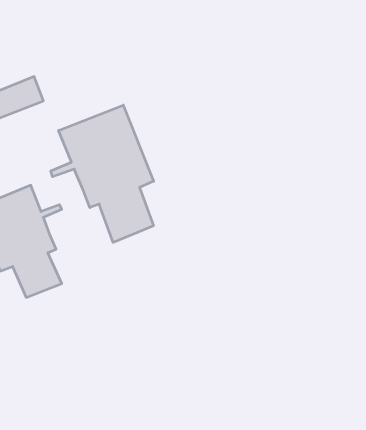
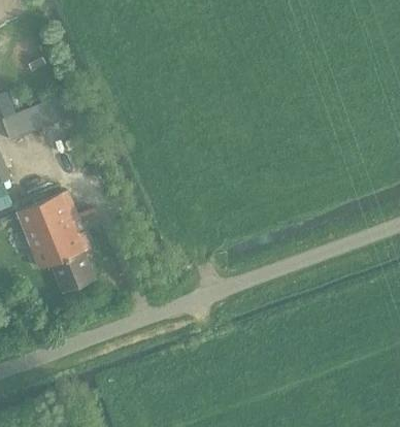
building: [51,105,154,242] -> none

